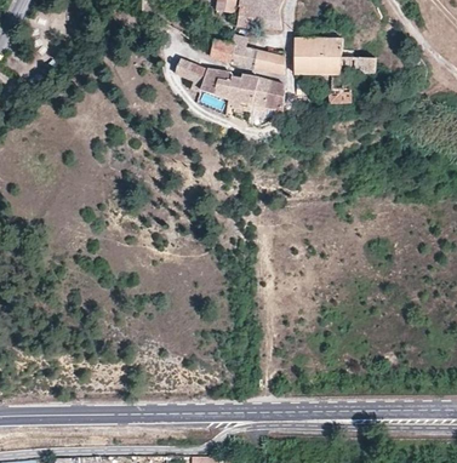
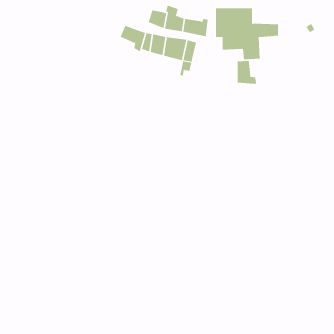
building: none -> [237,60,257,84]

